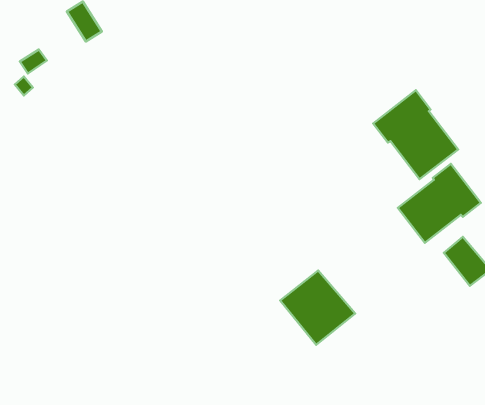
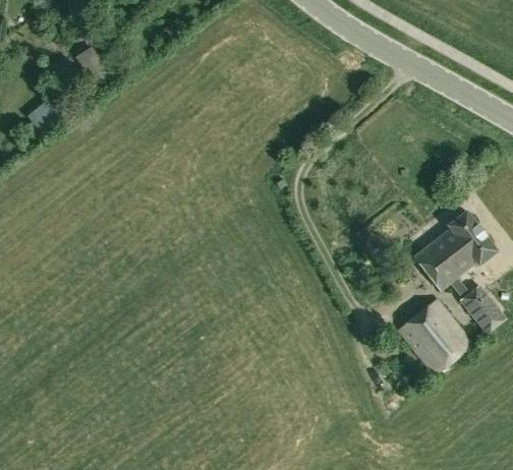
building: [373,90,458,179] -> none
building: [280,271,355,345] -> [397,299,473,374]

